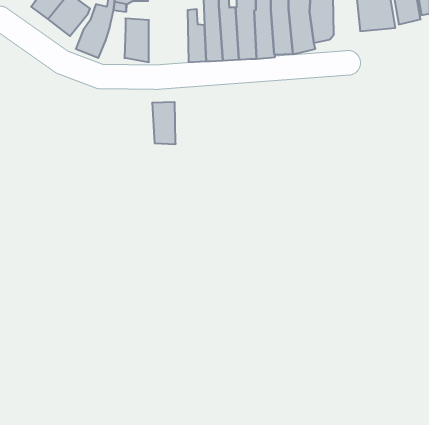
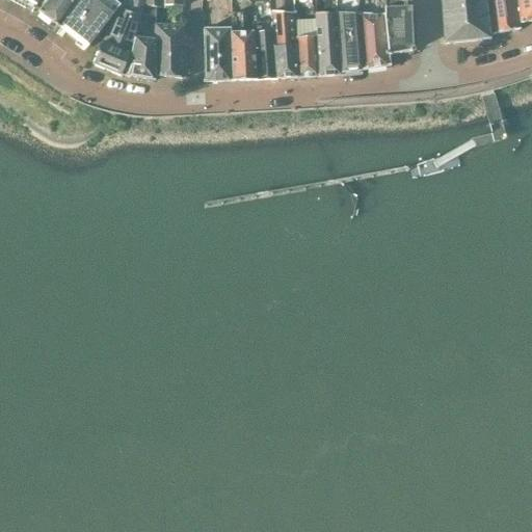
building: none -> [129,33,156,77]
building: [152,102,176,144] -> [203,26,232,78]

